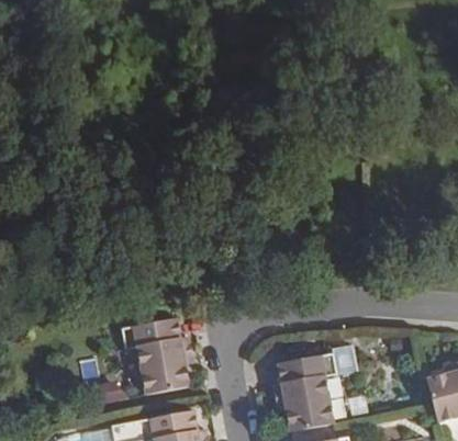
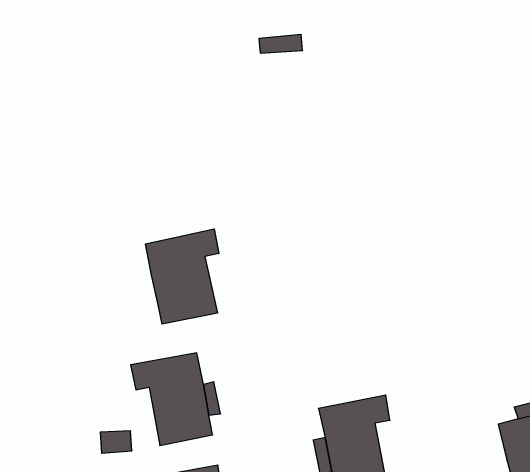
building: none -> [145,229,219,324]

